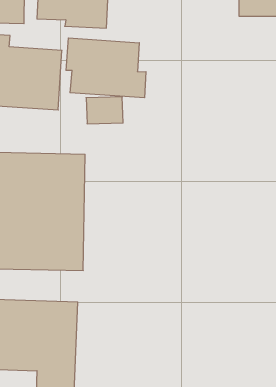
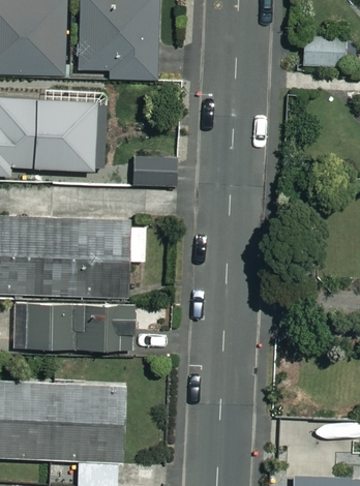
building: [66,38,146,98] -> none

